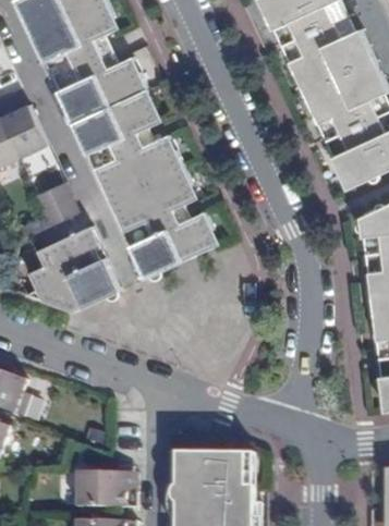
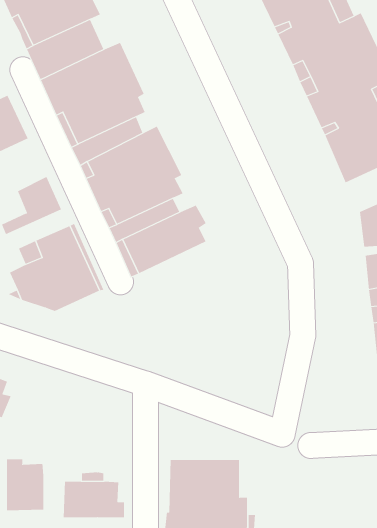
building: none -> [6,458,44,511]

